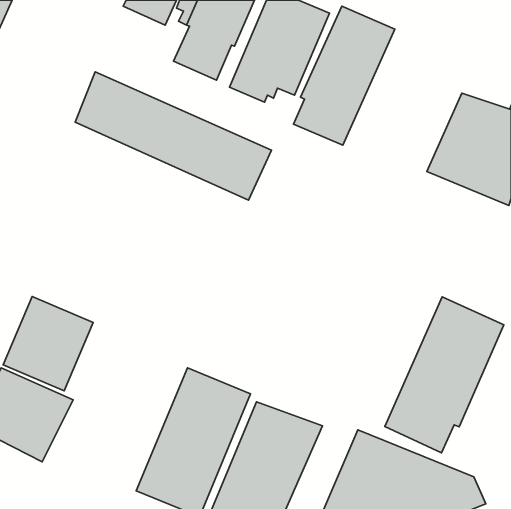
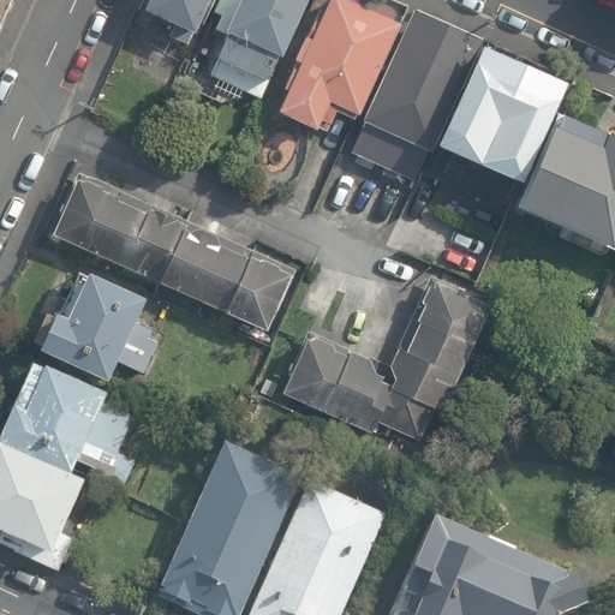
building: none -> [436,49,561,186]
building: [75,72,272,200] -> [60,177,295,330]
building: none -> [35,270,149,380]
building: none -> [282,270,485,447]
building: [385,297,504,453] -> none

